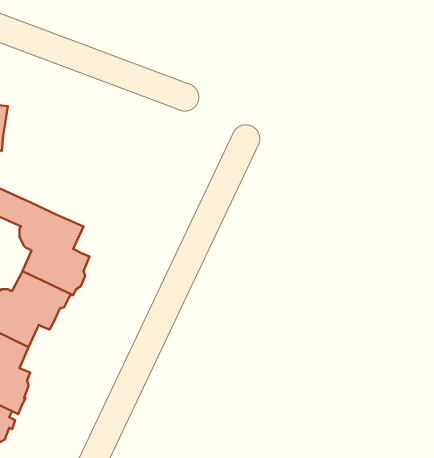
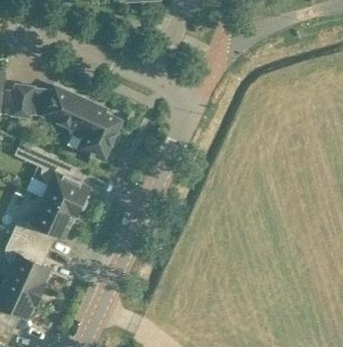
building: none -> [42,87,119,160]

